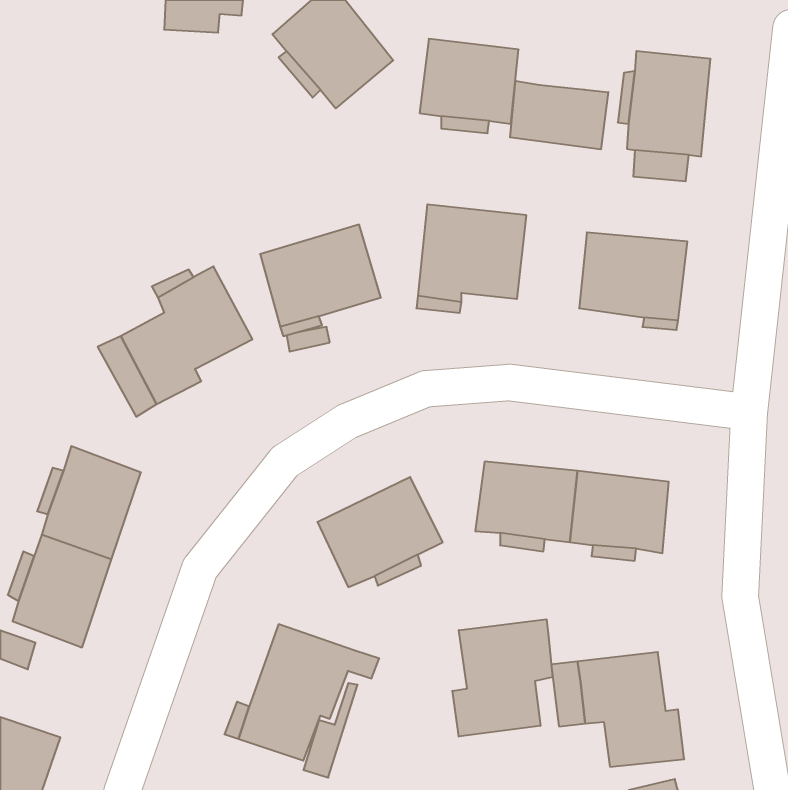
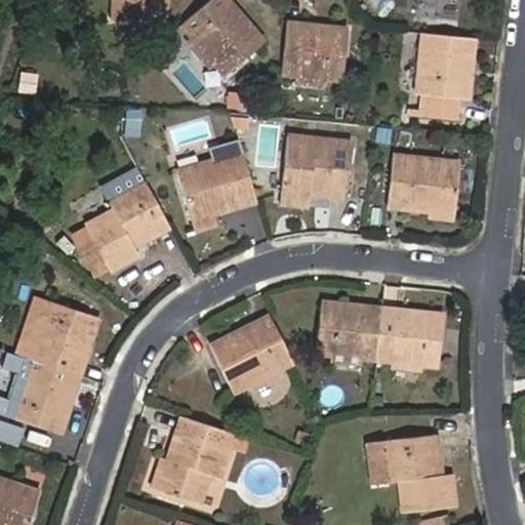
building: [510,81,608,149] -> none
building: [452,619,552,737] -> none

